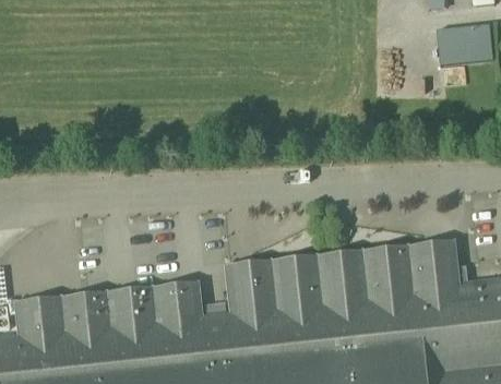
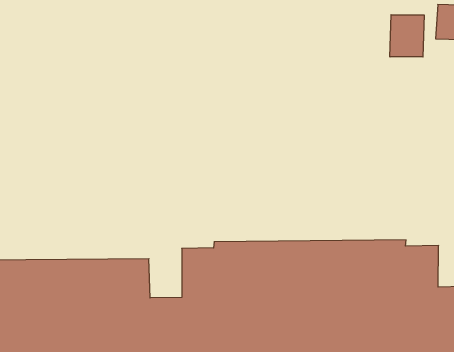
building: none -> [390,15,424,57]

